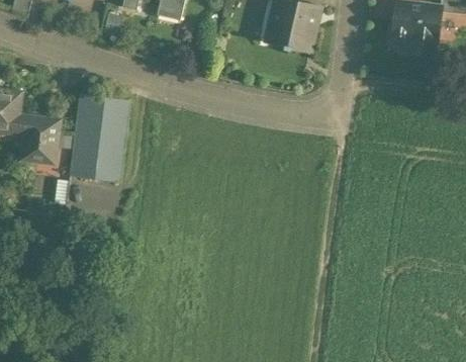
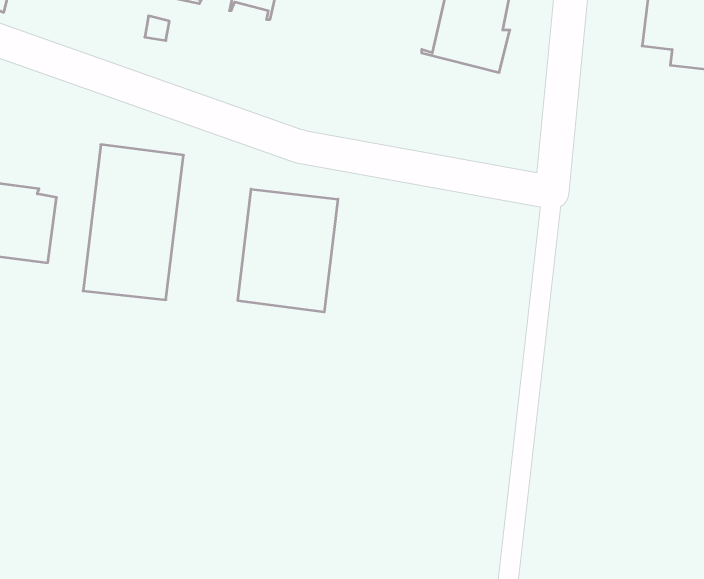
building: none -> [238,189,338,312]

